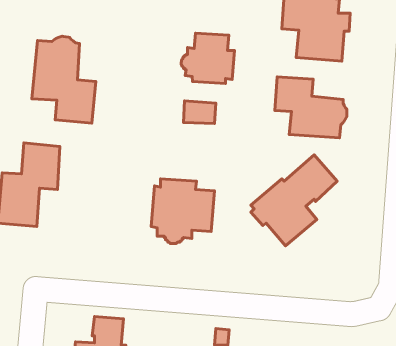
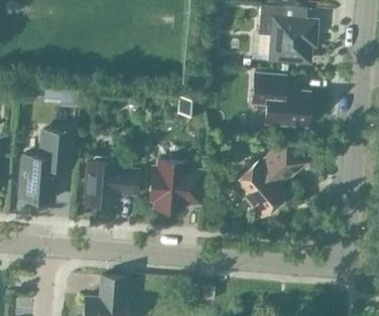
building: [181,33,234,83] -> none
building: [32,36,96,123] -> none
building: none -> [85,157,138,206]

